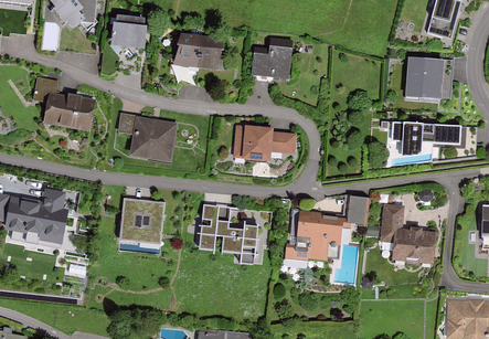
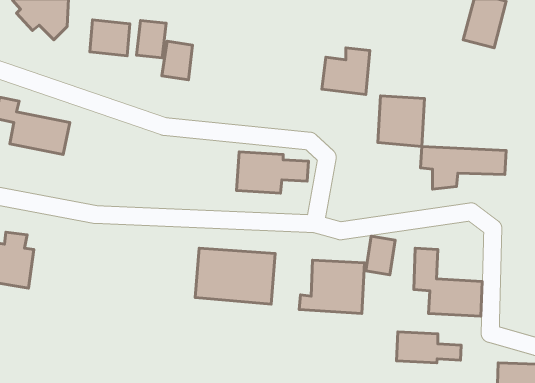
building: [194,38,219,68] -> [137,21,166,58]
building: [253,40,293,78] -> [322,48,370,94]
building: [401,57,439,99] -> [378,96,425,147]
building: [130,117,176,159] -> none
building: [118,199,162,243] -> none
building: none -> [397,332,461,363]

